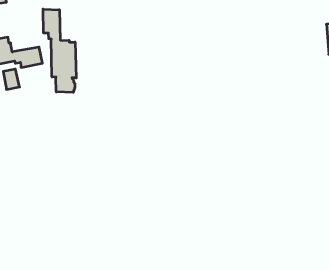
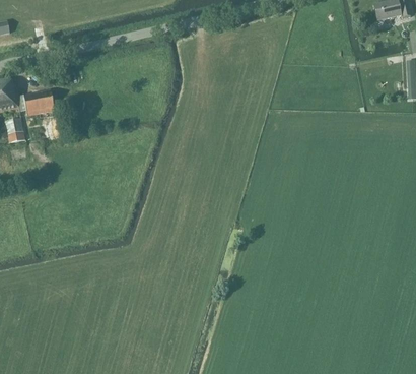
building: [43,9,76,92] -> none

